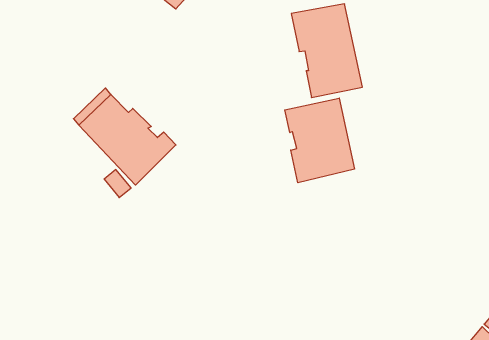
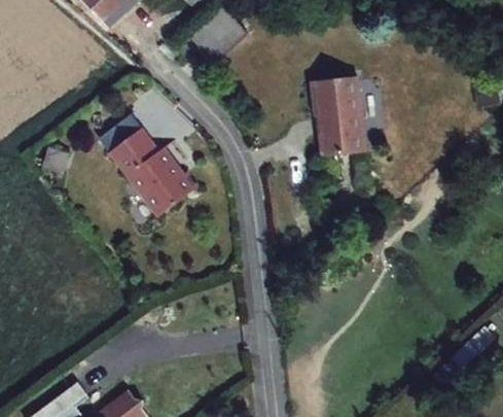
building: [285,98,354,183] -> none

